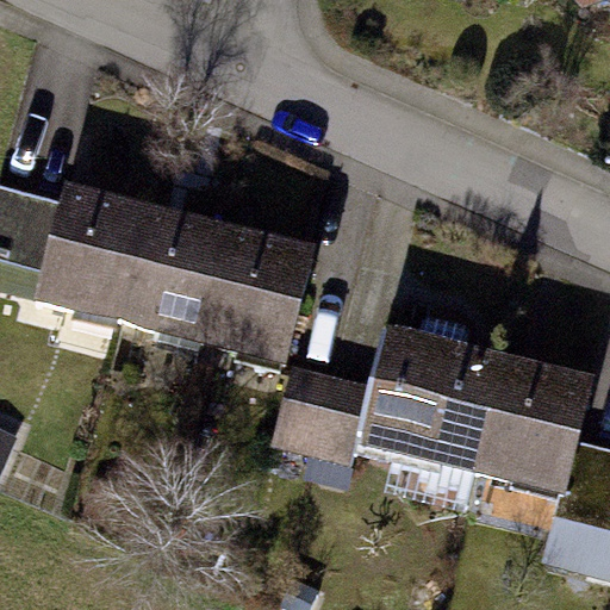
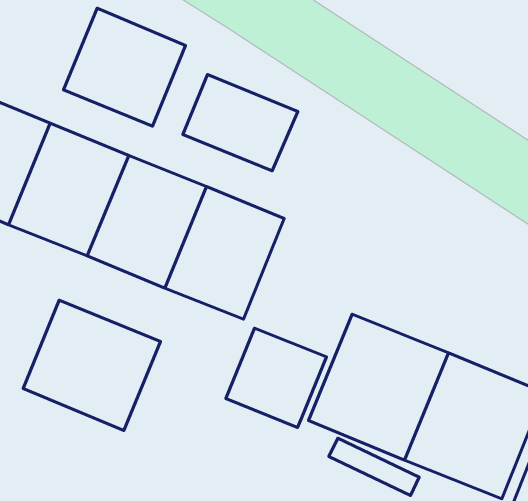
building: none -> [63,8,185,126]
building: none -> [183,74,298,171]
building: none -> [23,300,161,431]

